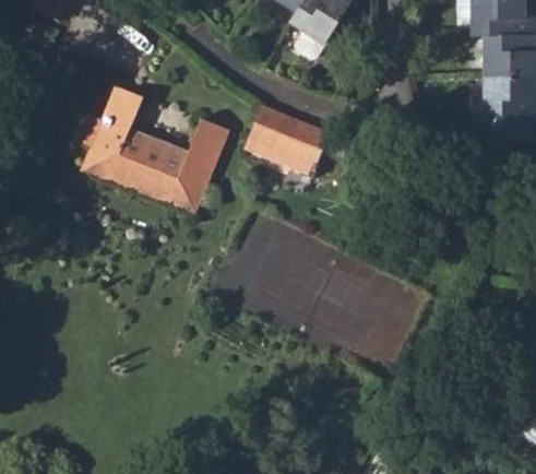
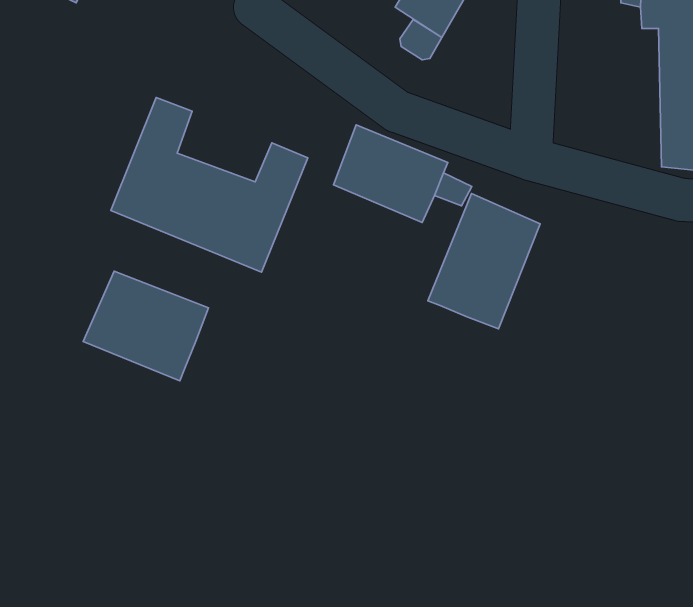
building: none -> [428,193,540,329]
building: none -> [83,271,208,381]

